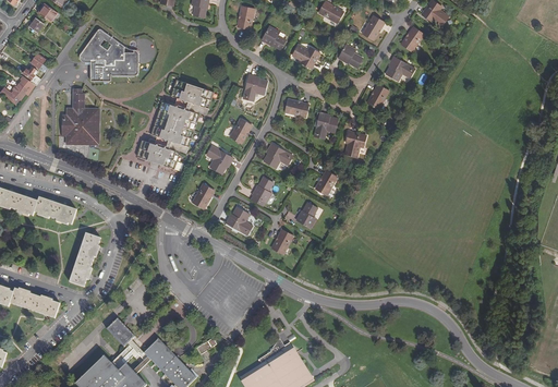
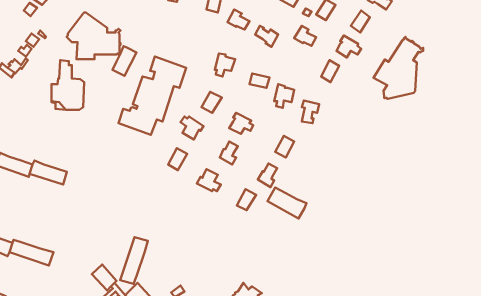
building: none -> [374,37,423,99]
building: none -> [113,46,137,76]
building: none -> [267,188,306,218]
building: [71,232,102,286] -> [120,237,148,284]

